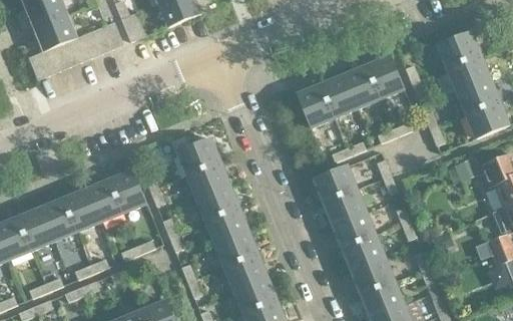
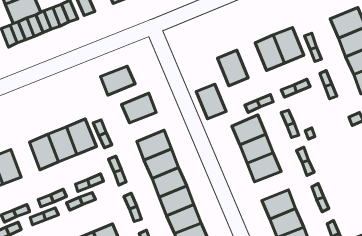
building: [321,75,358,118] -> [196,84,226,119]
building: [187,162,230,198] -> [101,66,135,95]
building: [40,199,76,242] -> none
building: [343,235,385,271] -> none

